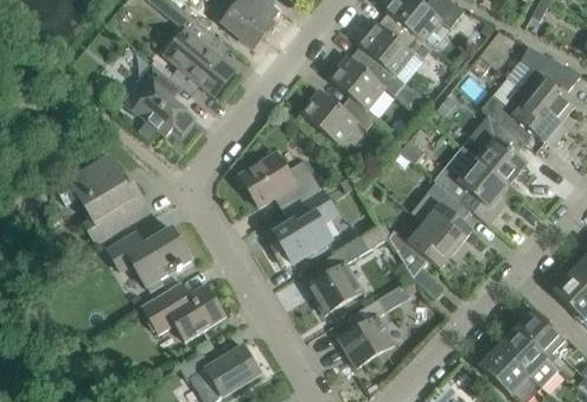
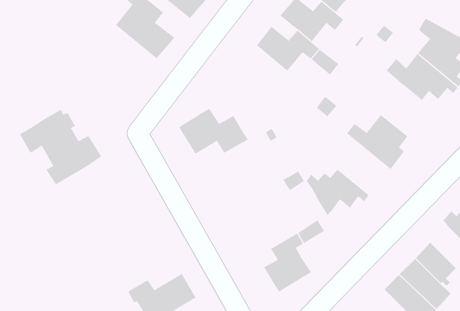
building: [132,63,196,135] -> none
building: [300,78,376,143] -> none
building: [461,114,527,185] -> none
building: [413,181,487,254] -> none
building: [274,189,336,262] -> none
building: [107,226,191,286] -> none
building: [306,245,363,314] -> none
building: [141,283,225,340] -> none

